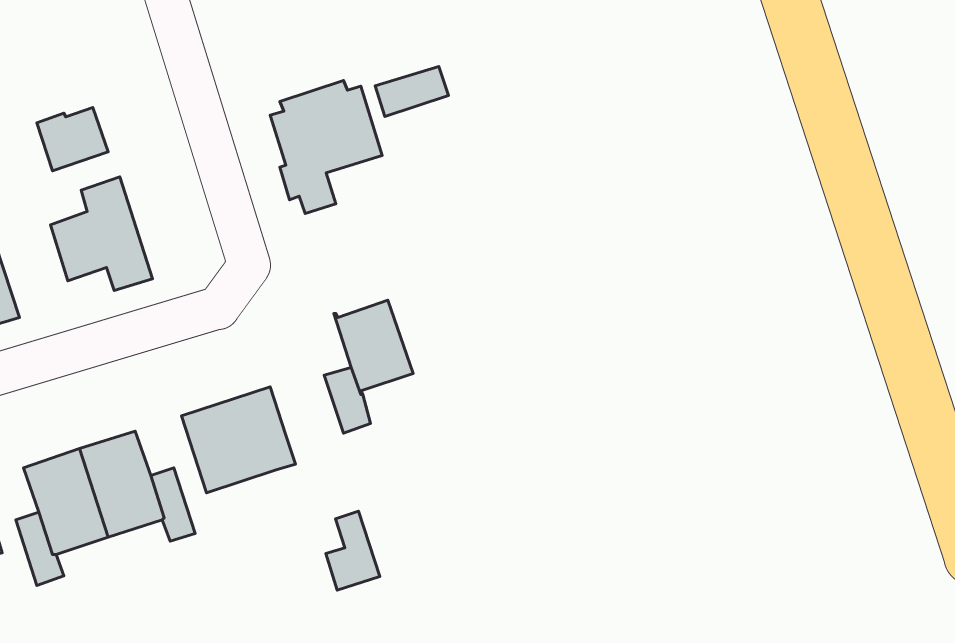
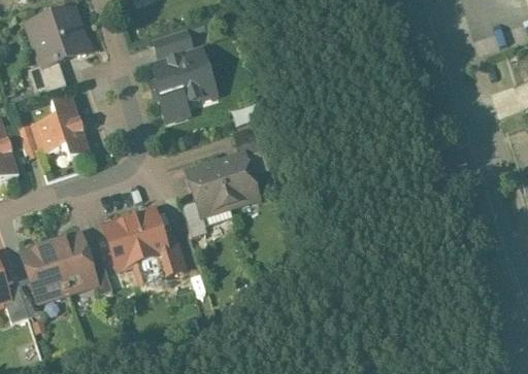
building: none -> [29,8,89,66]
building: [375,66,449,117] -> [153,31,192,58]
building: none -> [18,124,44,159]
building: none -> [216,155,258,203]
building: [326,511,380,590] -> [156,232,185,274]

